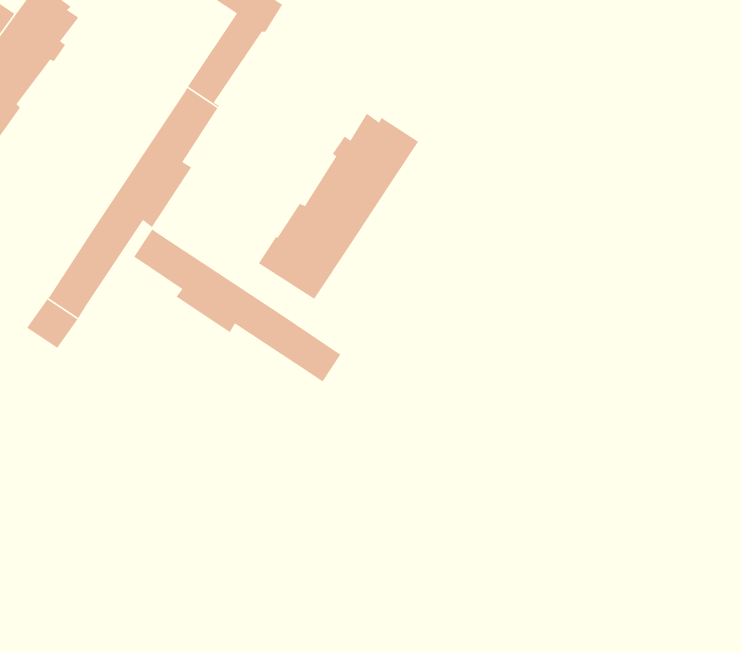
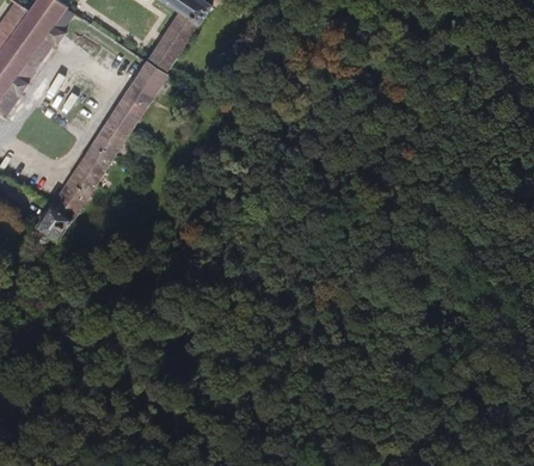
building: [258,113,419,300] -> none
building: [133,228,342,383] -> none

